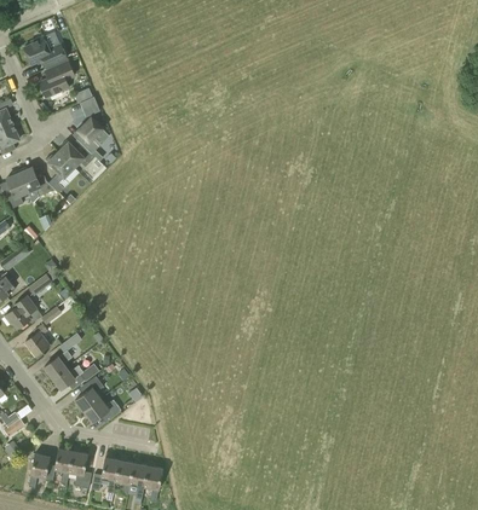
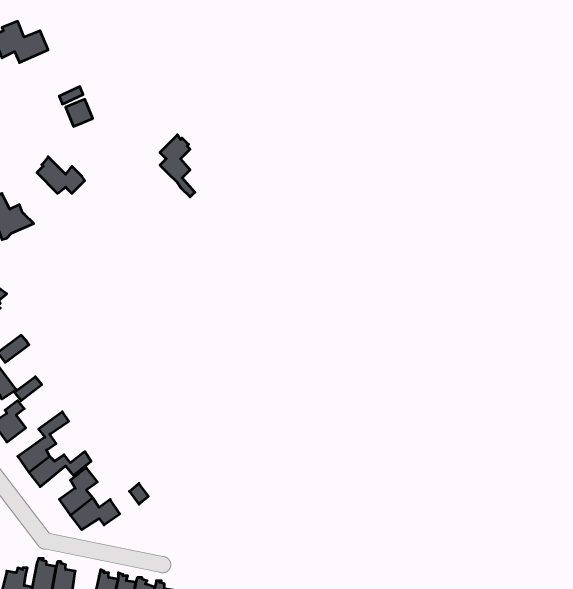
building: [38,60,74,97] -> none
building: [77,117,104,164] -> [160,135,195,197]
building: [44,151,73,193] -> none

